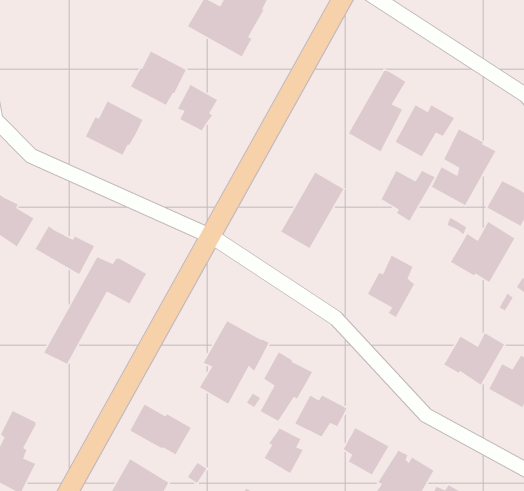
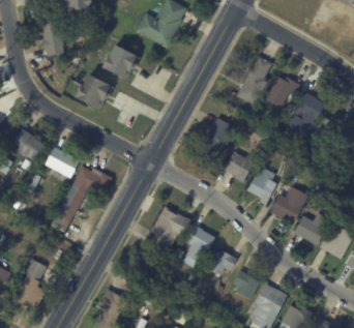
building: none -> [45,22,66,56]
building: [177,84,218,131] -> none
building: [380,170,436,222] -> [224,152,257,183]
building: [450,221,516,283] -> [268,186,307,223]
building: [129,403,192,455] -> none
building: [263,427,304,474] -> none

